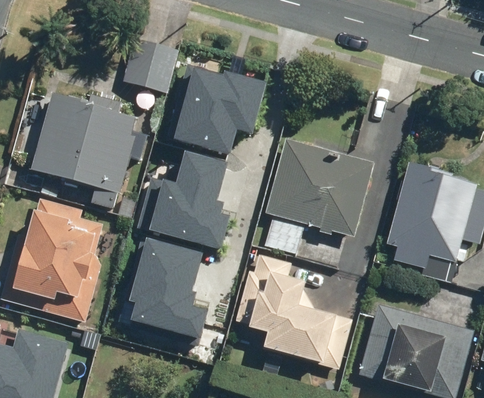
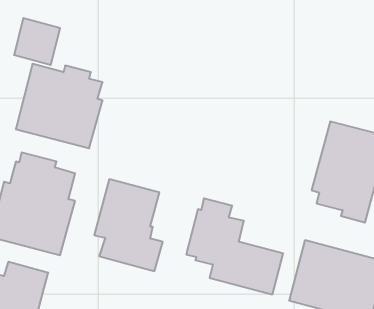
building: [122,39,177,95] -> [14,18,60,65]
building: [170,61,268,152] -> none
building: [264,139,373,239] -> none
building: [140,149,229,245] -> none

